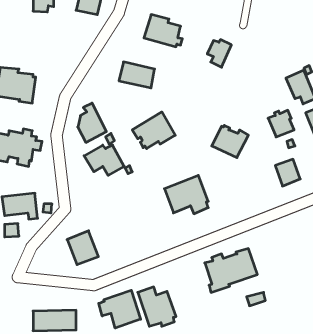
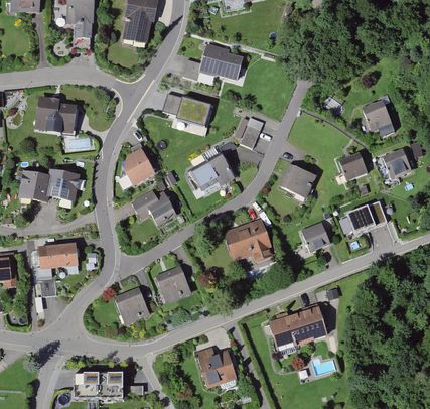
building: [207,40,231,67] -> [236,115,263,146]
building: none -> [299,226,328,256]
building: none -> [153,263,190,302]
building: [99,290,141,328] -> none

